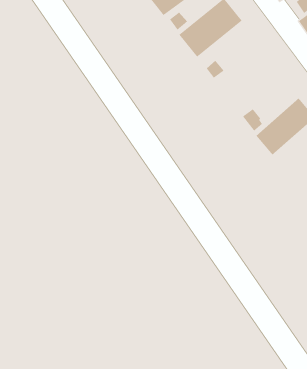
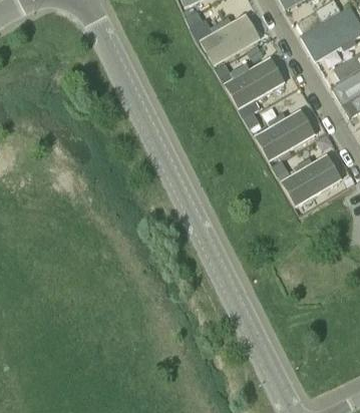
building: none -> [251,107,314,160]

